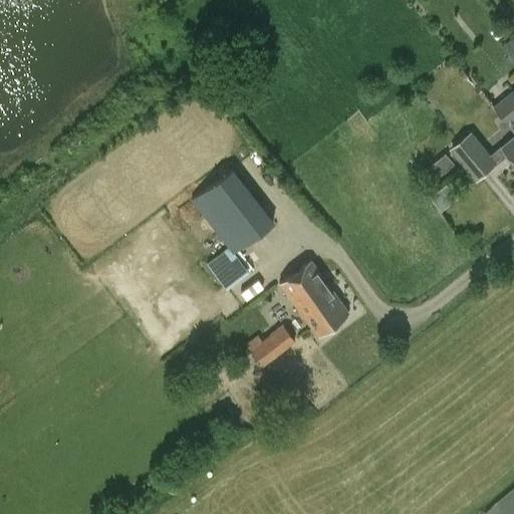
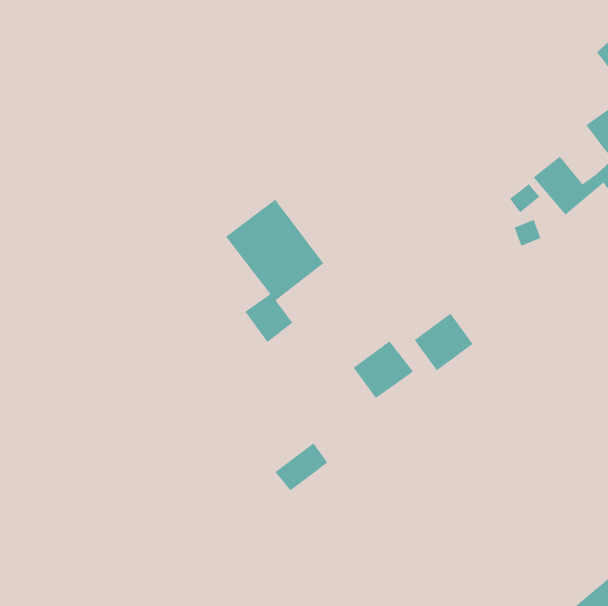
building: [279,263,329,312] -> [414,313,474,371]
building: [250,326,295,367] -> [275,442,328,491]

